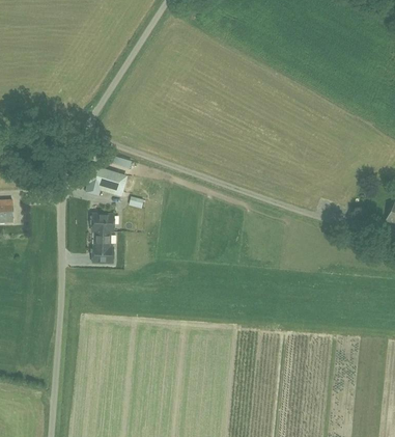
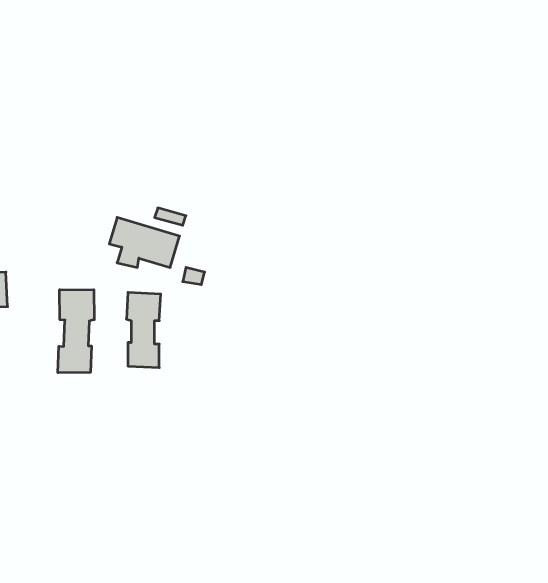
building: none -> [58,290,94,373]

